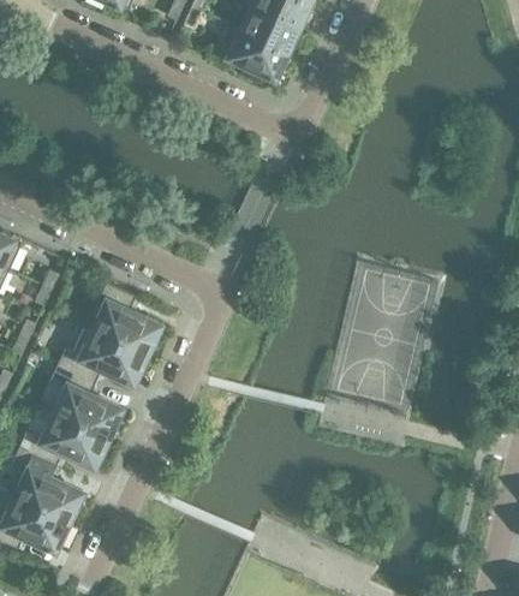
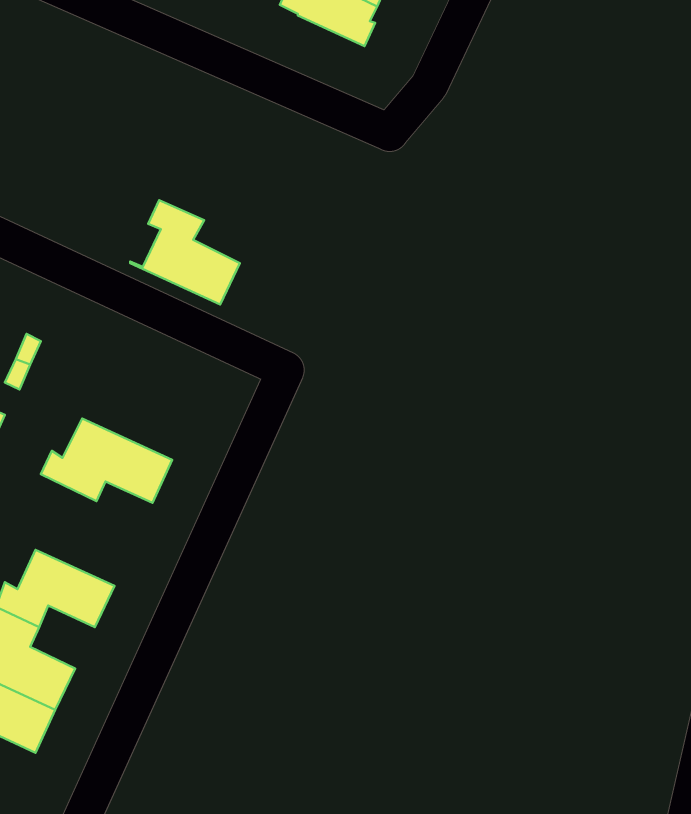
building: [86,285,160,354] -> [130,200,240,305]
building: [55,364,121,439] -> none

